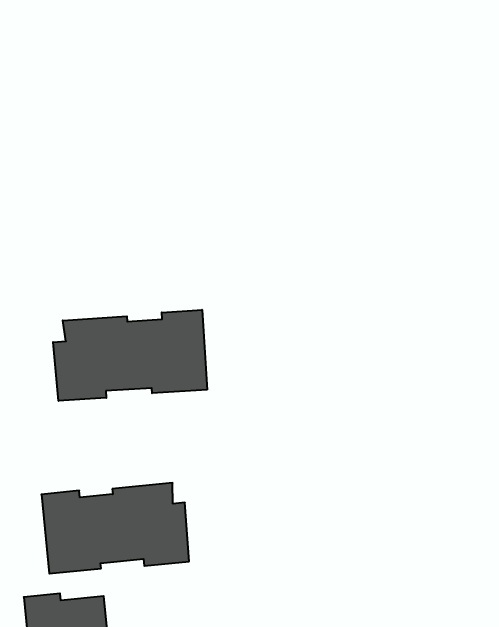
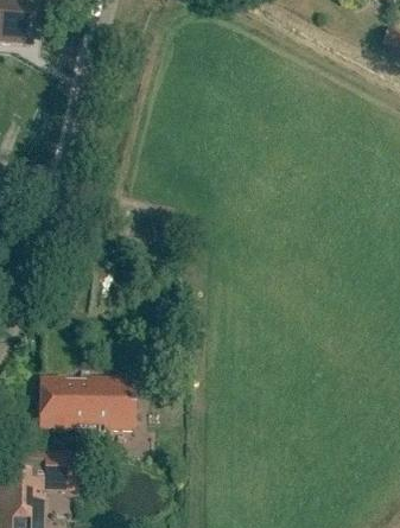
building: [53,310,207,401] -> none

